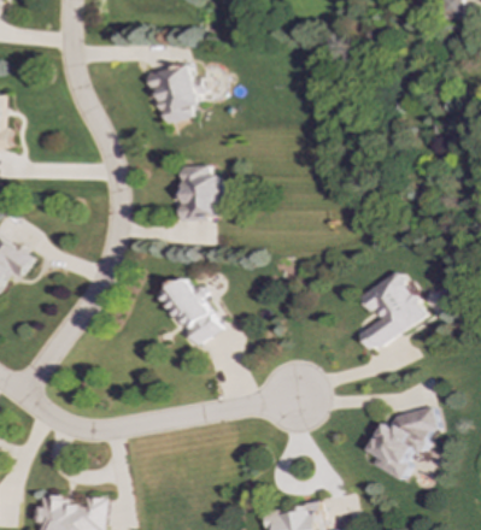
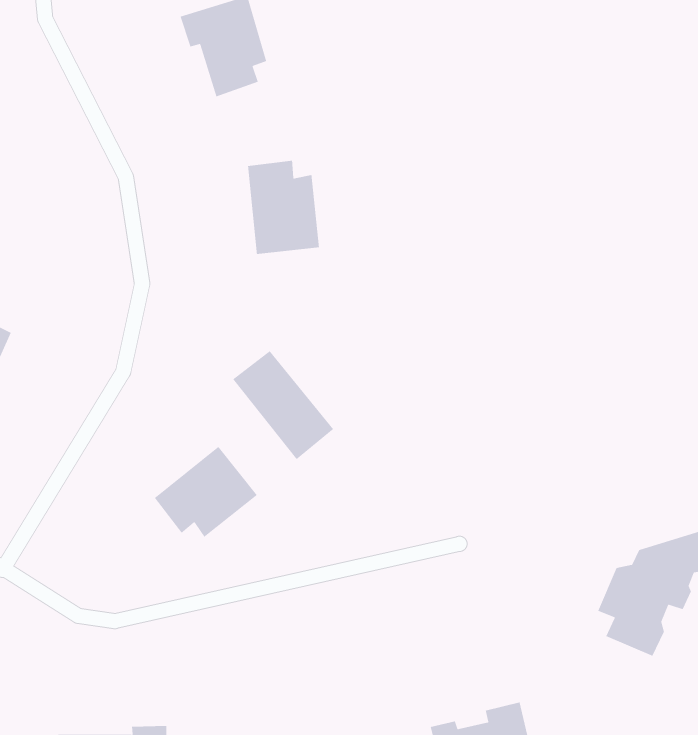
building: [359,270,427,349] -> none
building: none -> [154,446,258,538]

